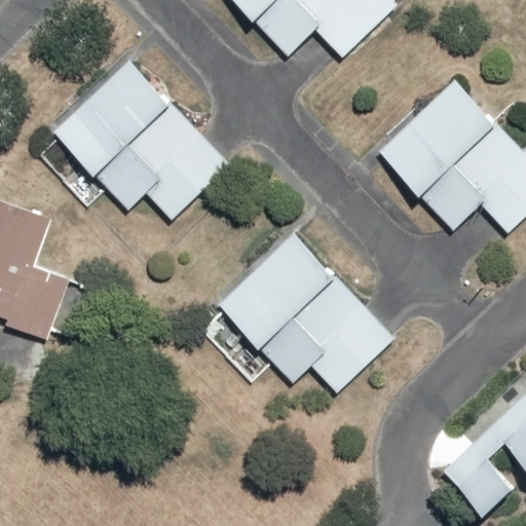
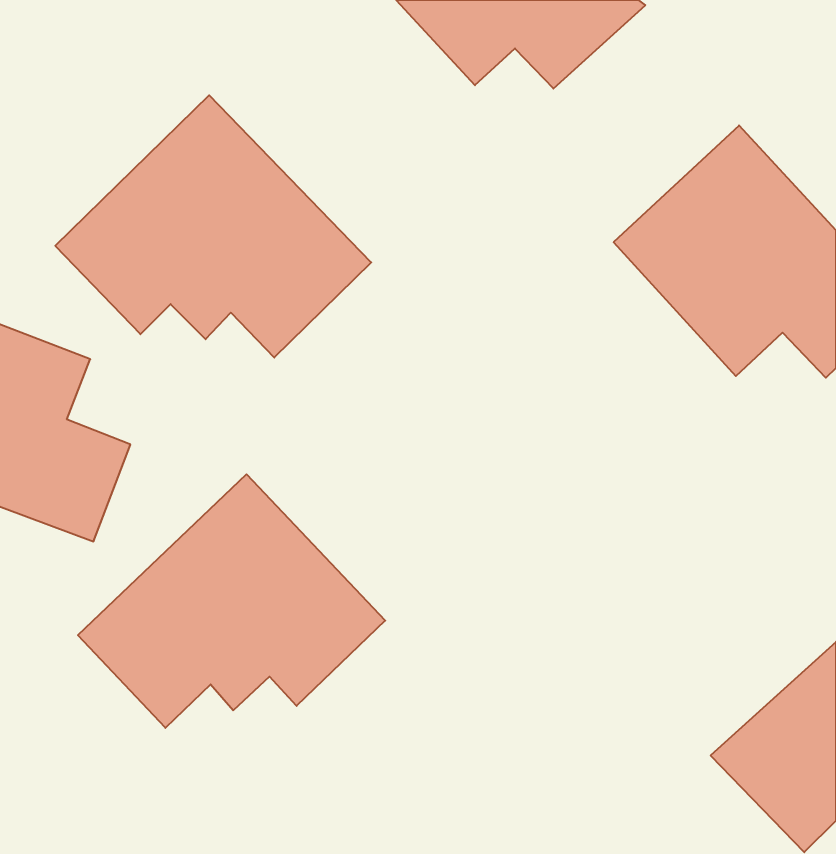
building: [193,232,394,390] -> none
building: none -> [78,474,385,728]

